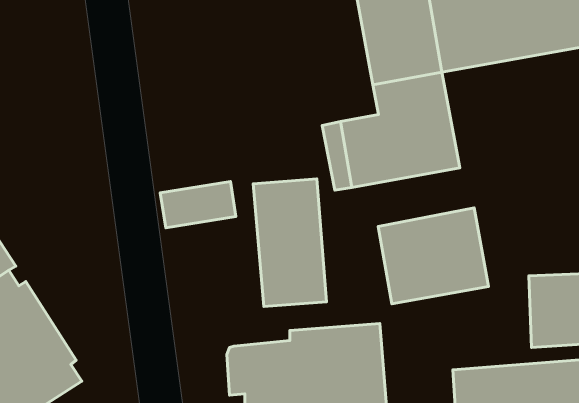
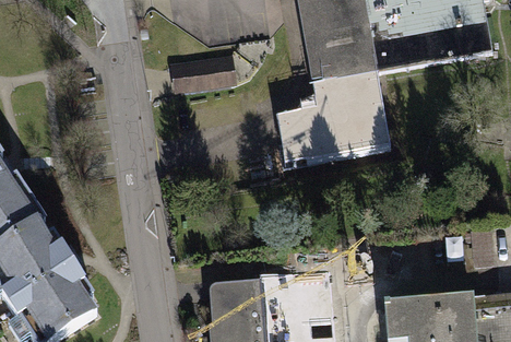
building: [253,179,326,307] -> none
building: [160,182,236,228] -> [169,56,228,92]
building: [378,208,489,304] -> none

